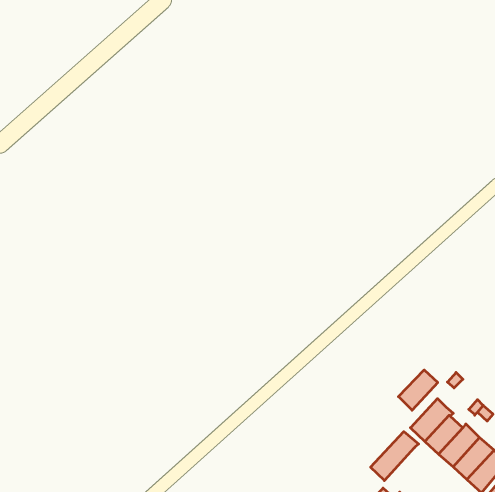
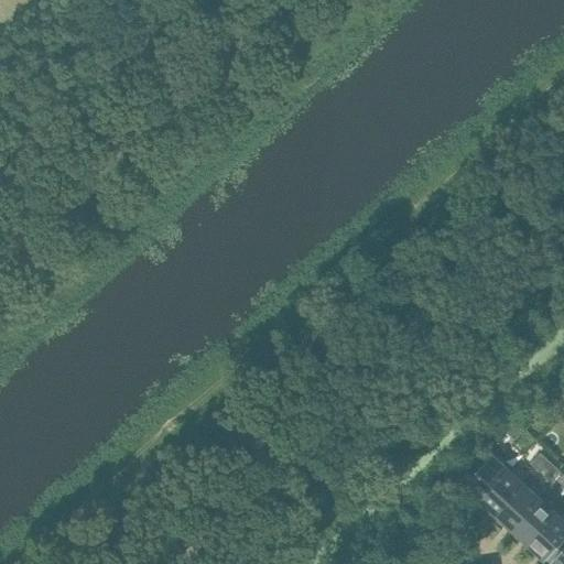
building: [398,370,438,410] -> none
building: [371,432,419,481] -> none

